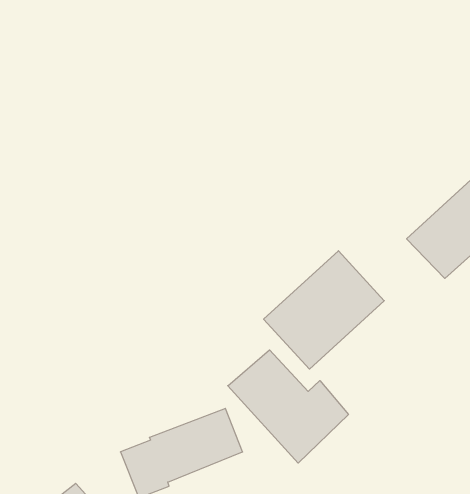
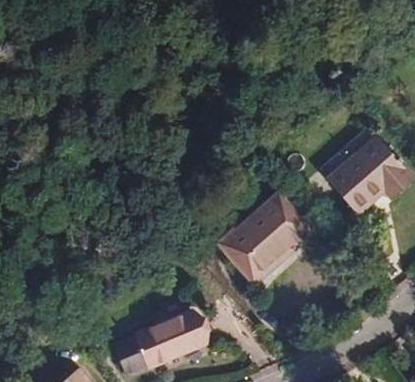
building: [228,350,348,463] -> none

